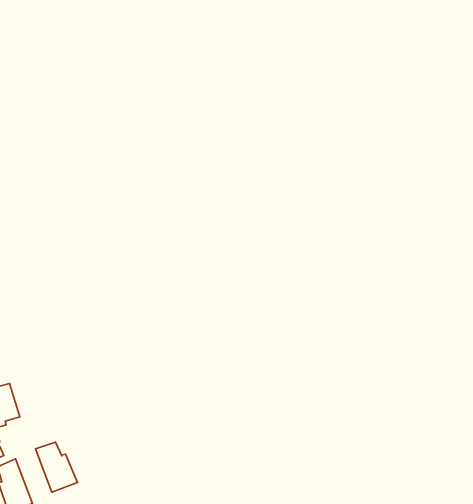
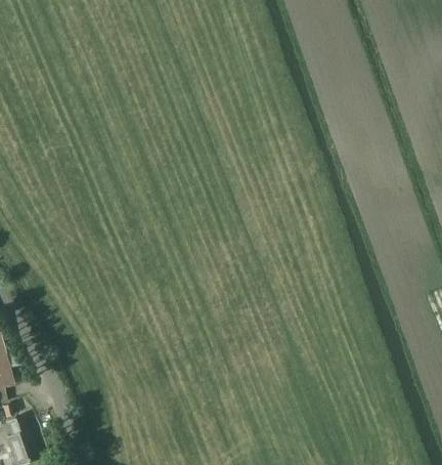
building: [35,442,77,492] -> none

